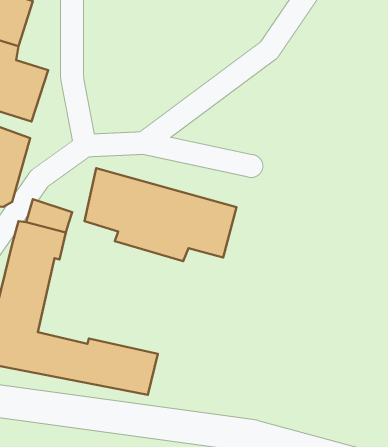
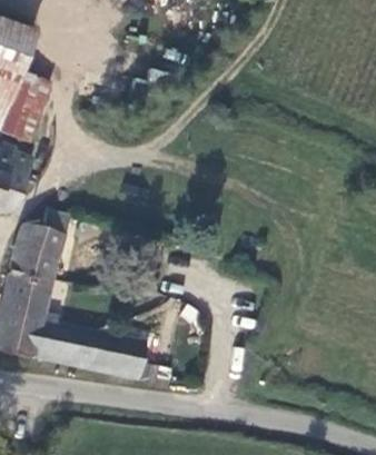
building: [84,168,237,261] -> none

